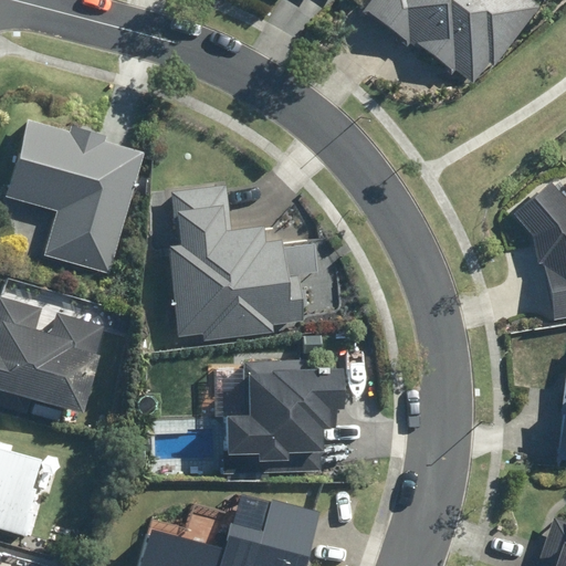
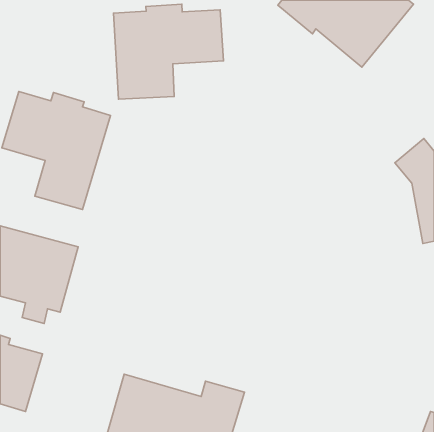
building: none -> [113,4,223,99]
building: [168,184,317,343] -> none
building: [223,361,340,462] -> none

